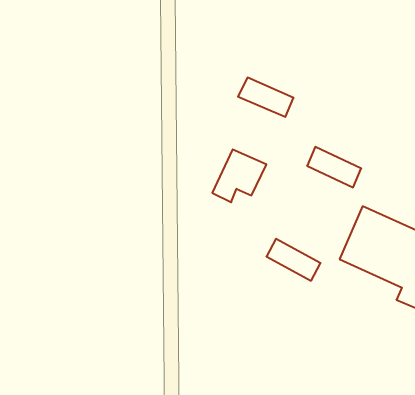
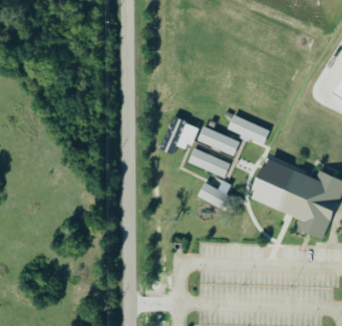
building: [238,78,294,117] -> [198,126,239,155]
building: none -> [189,147,231,178]

